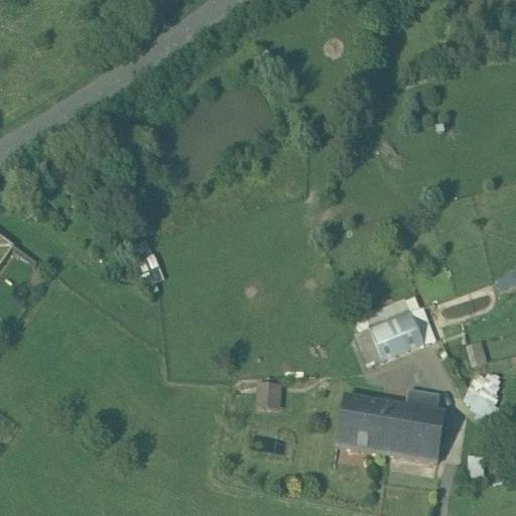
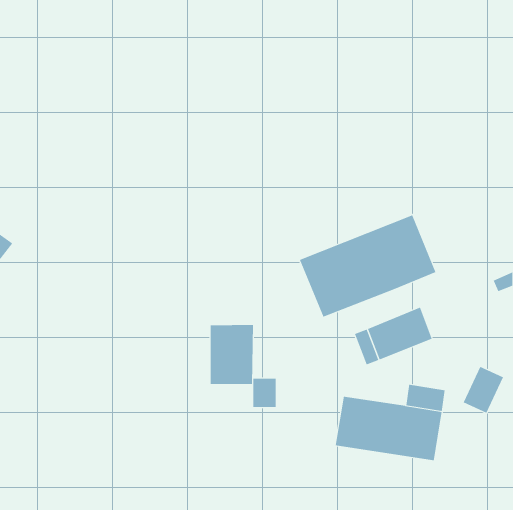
building: none -> [299,214,436,317]
building: none -> [210,324,254,385]

